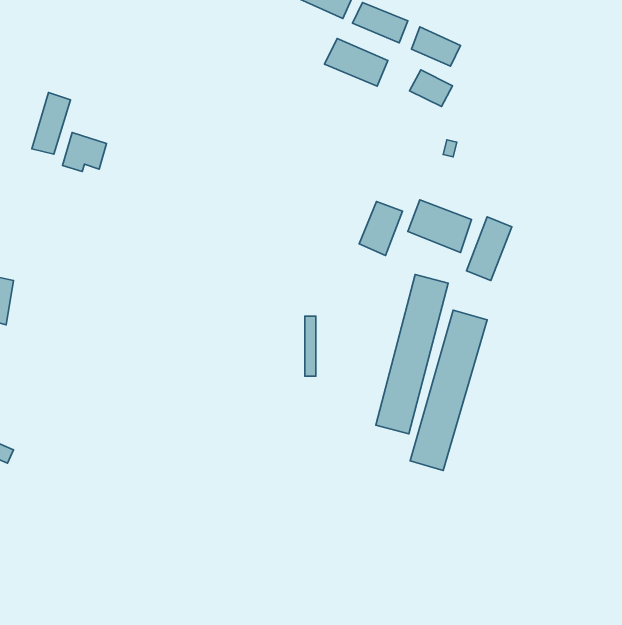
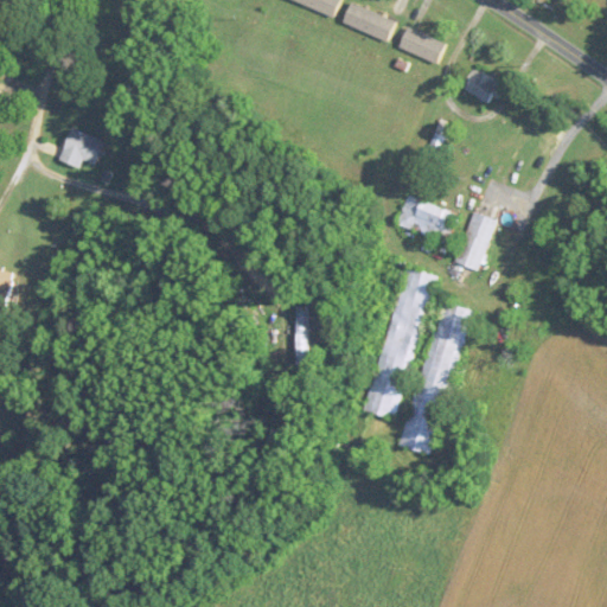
building: [325,38,388,86] -> none
building: [410,70,453,107] -> [462,69,504,104]
building: [32,92,71,154] -> none
building: [359,201,403,256] -> none

